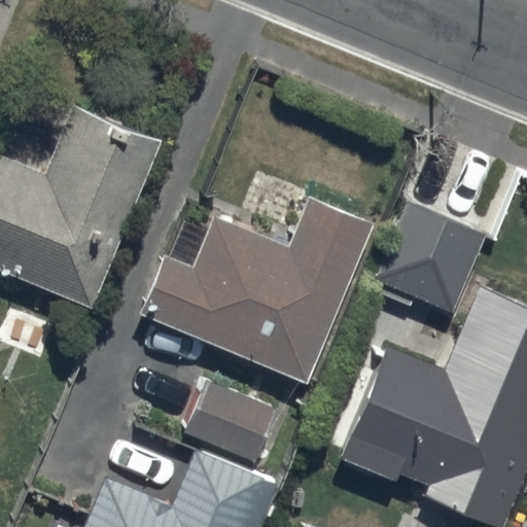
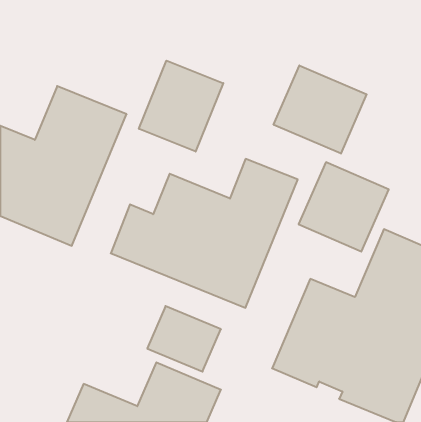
building: none -> [139,61,223,152]
building: none -> [274,65,367,154]

